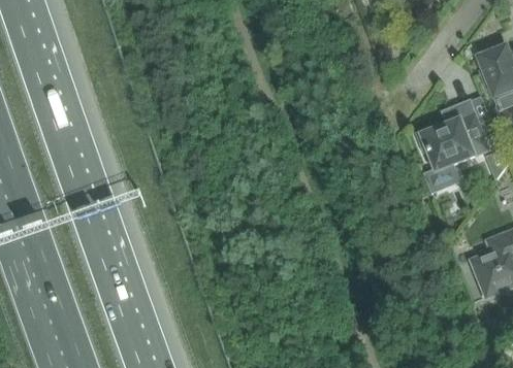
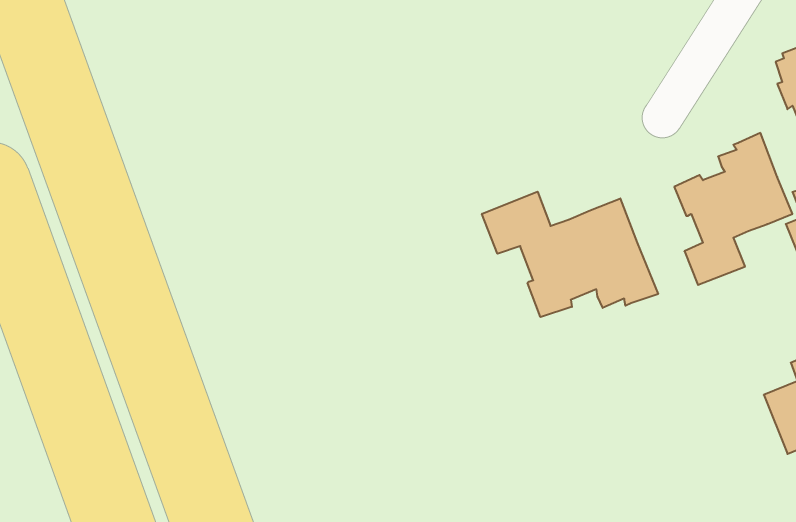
building: none -> [482,192,658,317]

